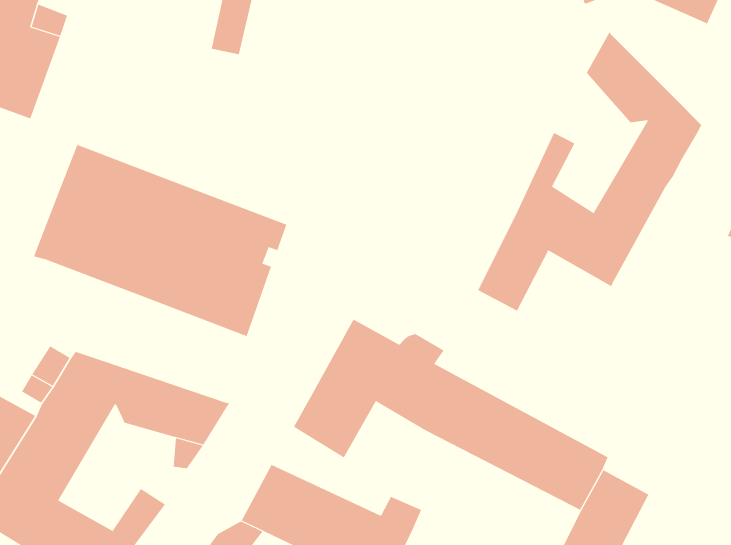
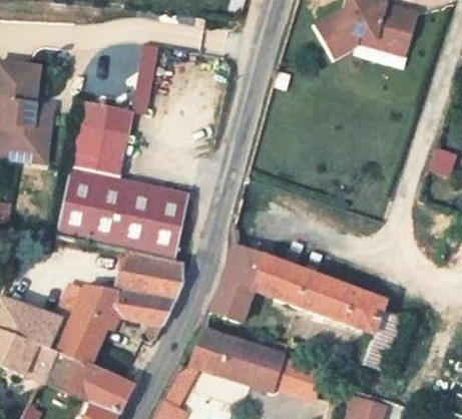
building: none -> [71,105,140,183]
building: [477,31,702,312] -> none
building: none -> [113,250,178,300]

